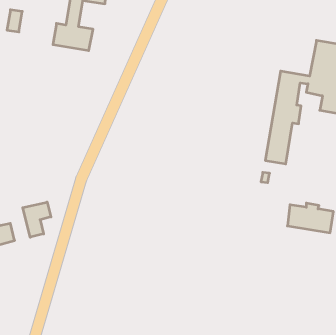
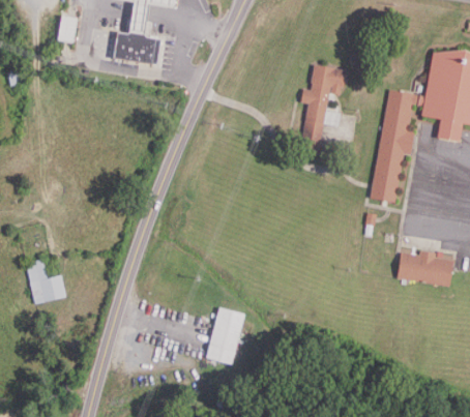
building: none -> [301,65,347,150]
building: [23,202,51,237] -> none
building: none -> [206,305,244,362]

